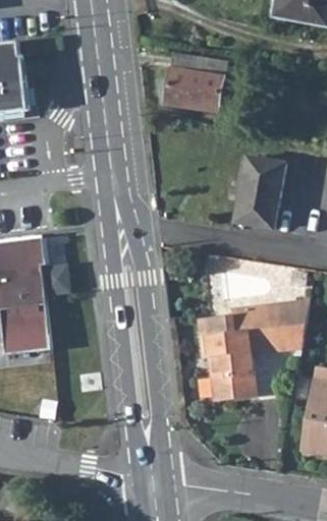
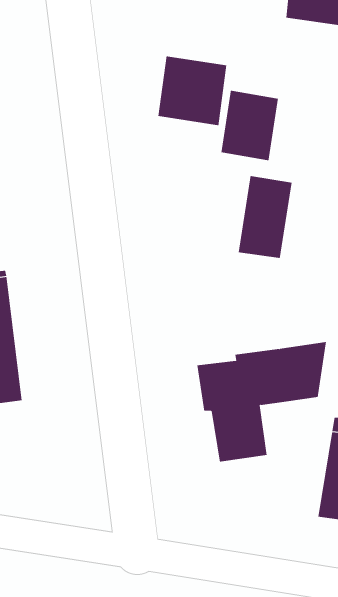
building: none -> [221,90,279,161]

